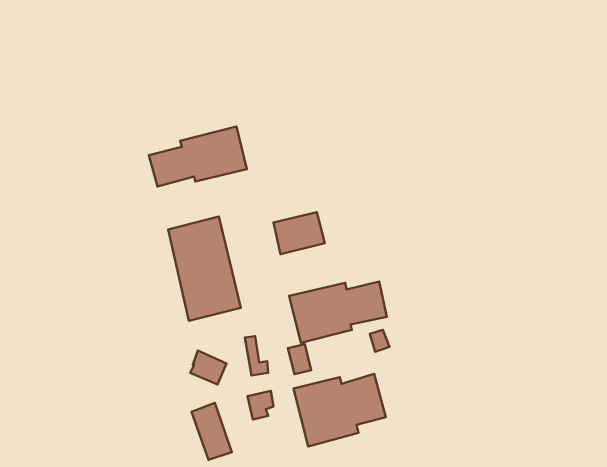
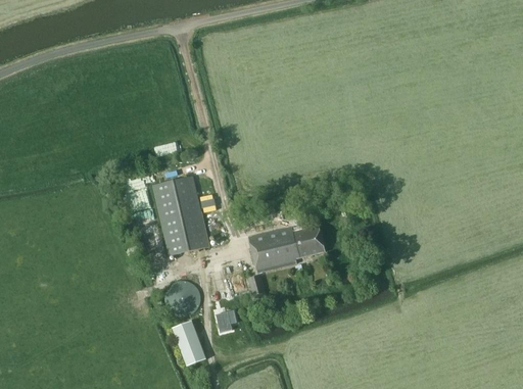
building: [149,126,247,187] -> none
building: [273,212,325,254] -> none
building: [293,374,386,447] -> none

